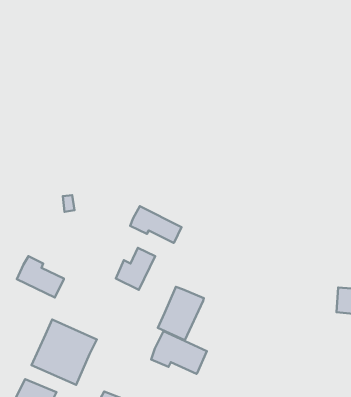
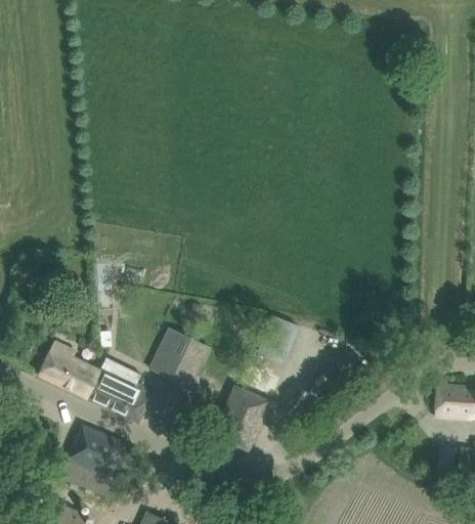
building: [130,206,182,243] -> none
building: none -> [84,367,149,421]
building: [151,331,207,374] -> none

